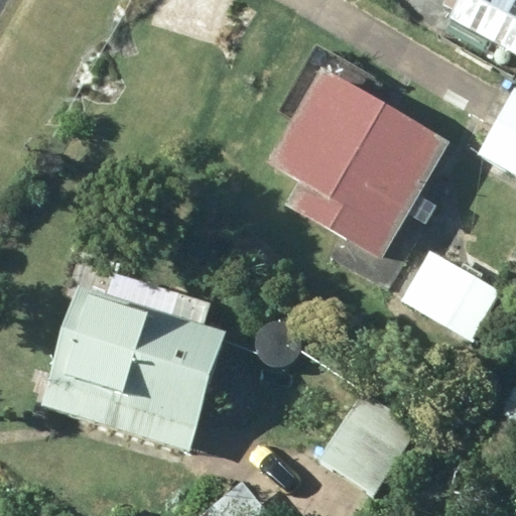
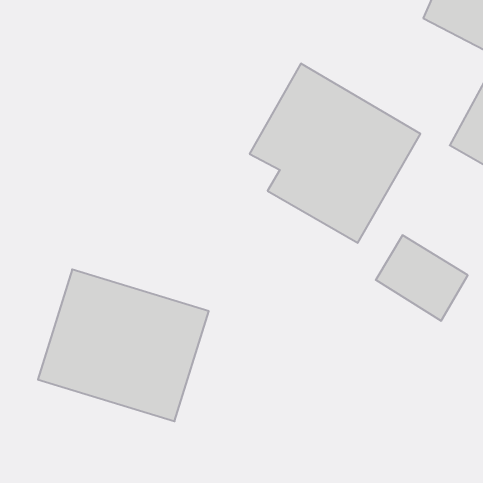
building: [318,390,419,497] -> none

